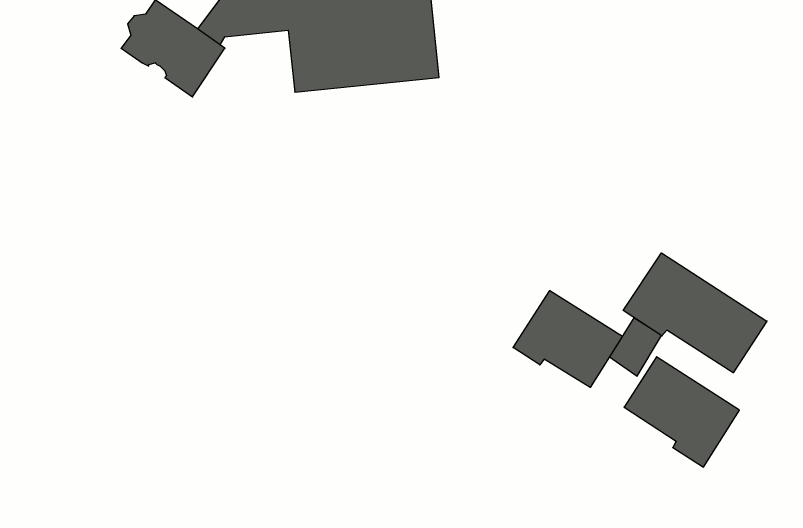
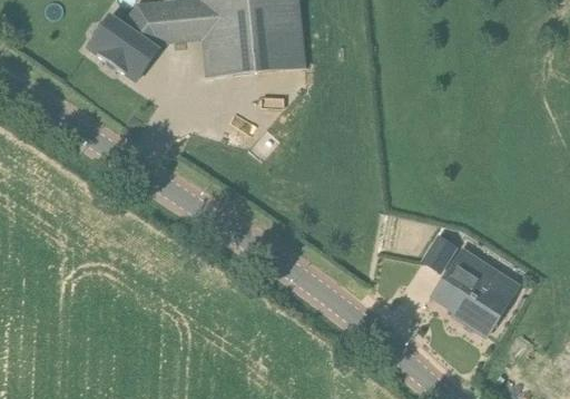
building: [623,253,767,373] -> none
building: [513,291,622,387] -> none

